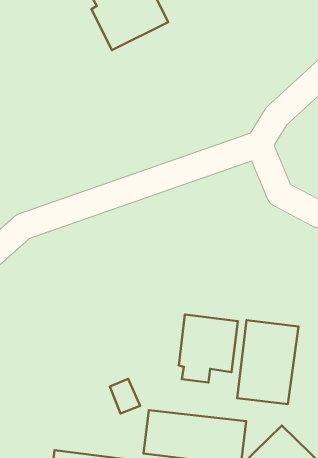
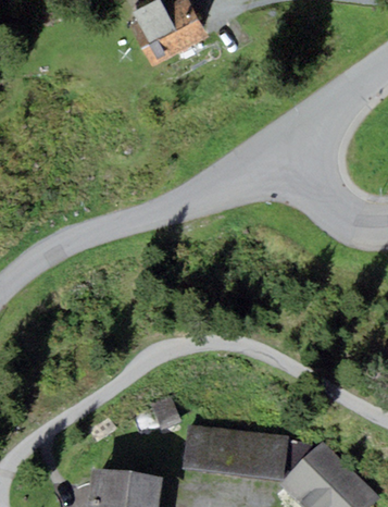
building: [179,315,238,382] -> none
building: [237,320,298,404] -> none

